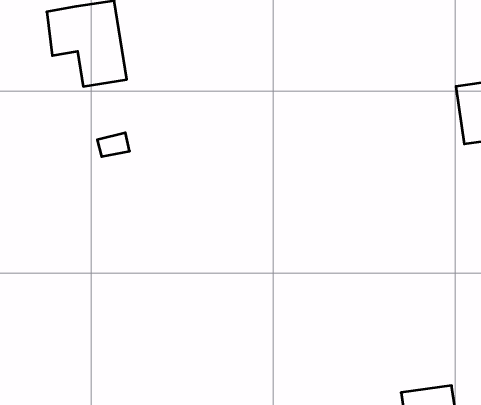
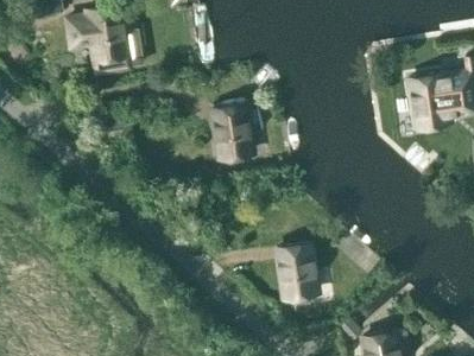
building: none -> [211,104,252,157]
building: none -> [277,244,316,297]

